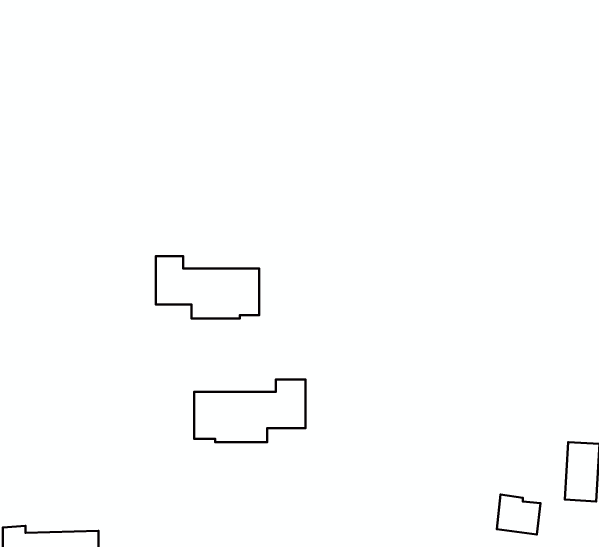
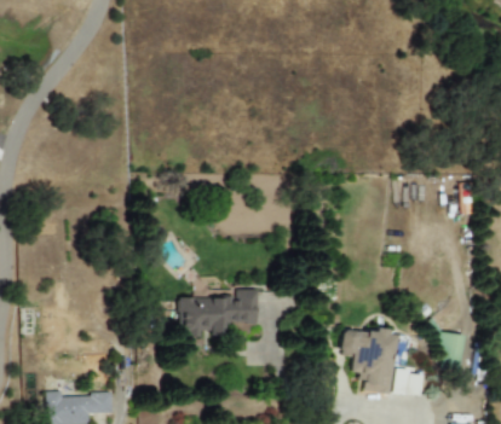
building: [156,256,259,318] -> none
building: none -> [340,327,396,393]

